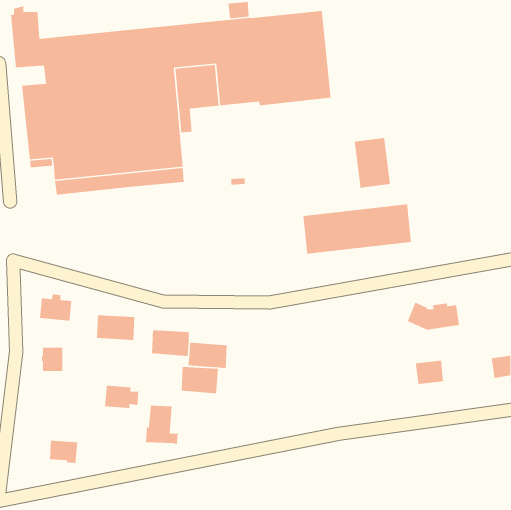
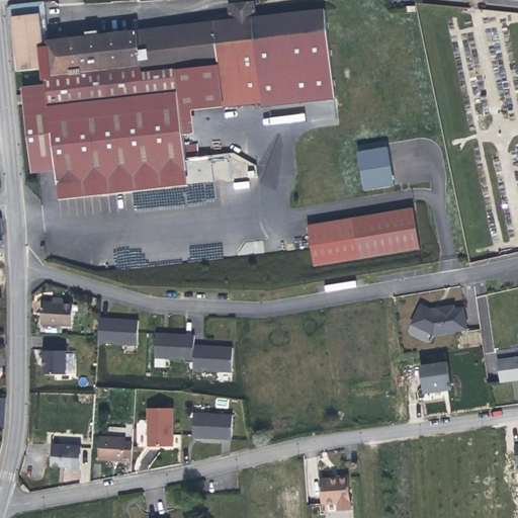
building: [181,366,219,394] -> [192,412,231,440]
building: [104,385,139,409] -> [95,435,131,459]
building: none -> [319,480,347,511]

